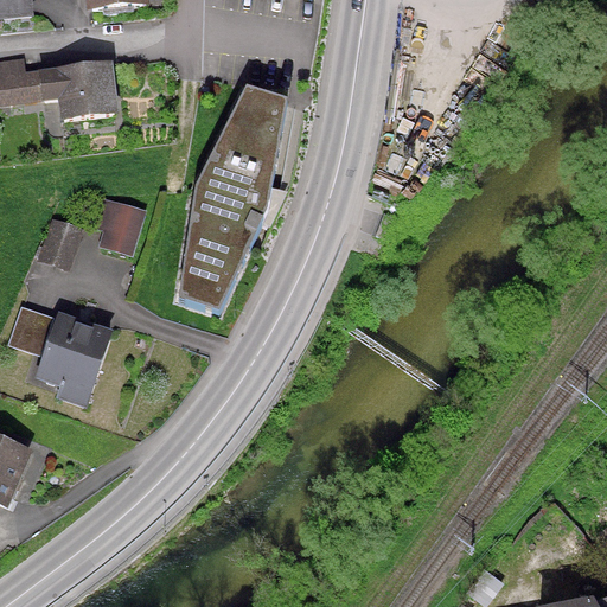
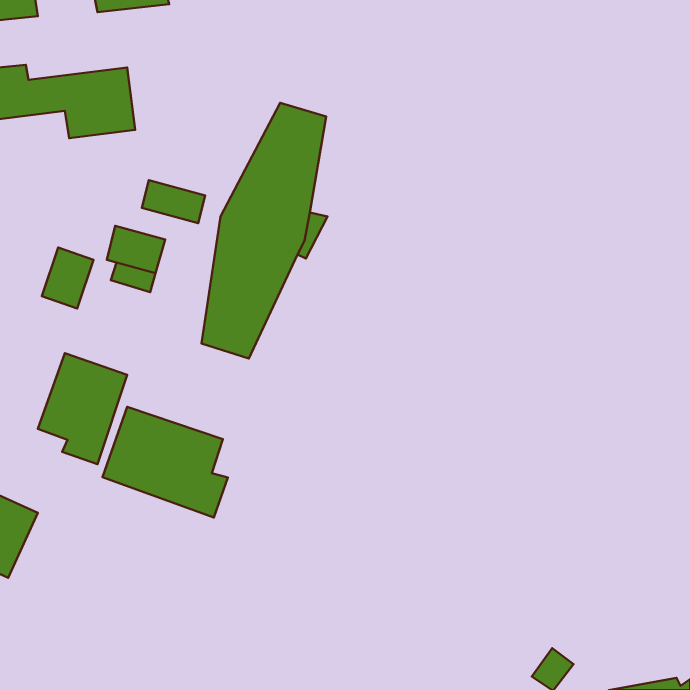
building: none -> [142,180,205,223]
building: [6,305,52,356] -> none
building: none -> [103,407,228,517]

